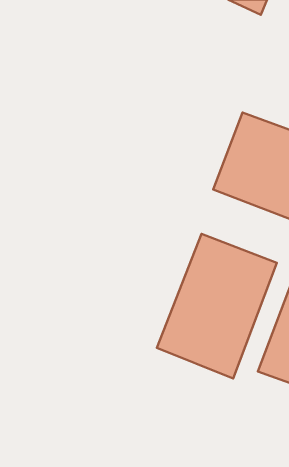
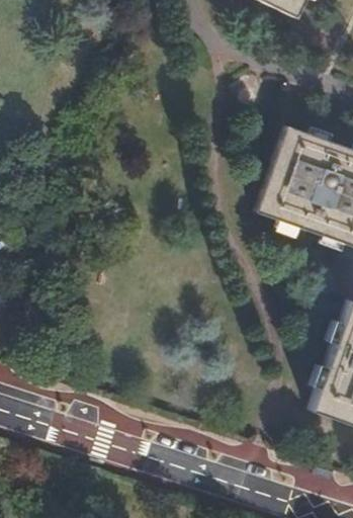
building: [157,234,277,379] -> none

